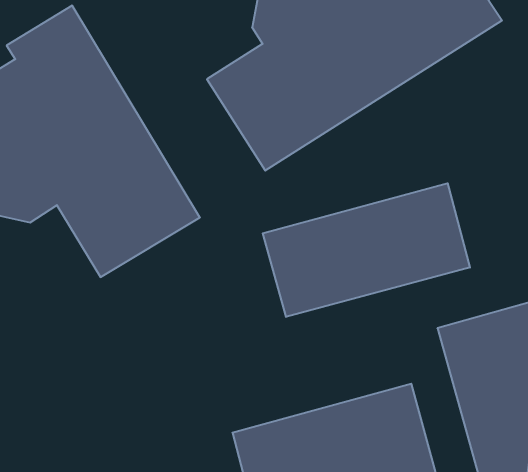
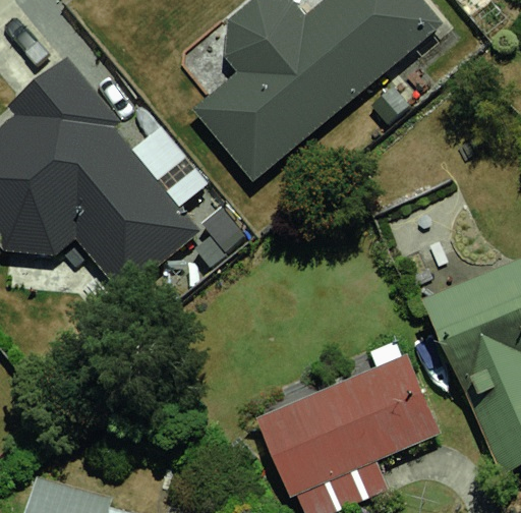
building: [263,183,470,317] -> none

